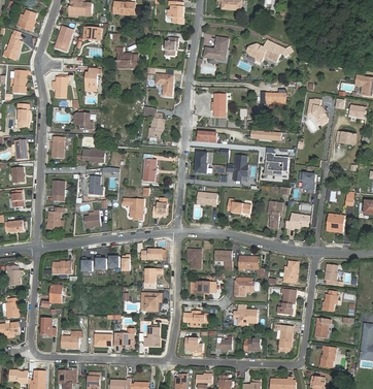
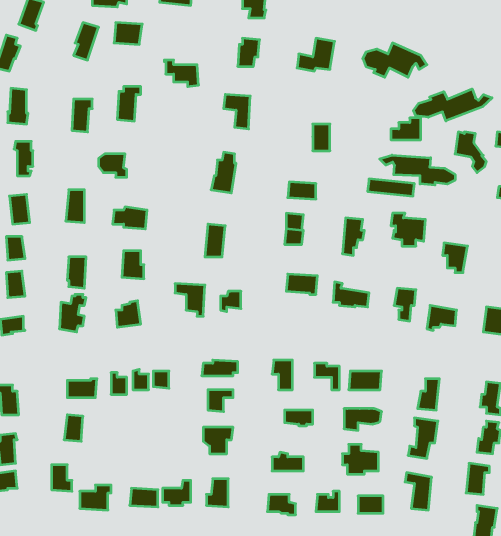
building: none -> [413,89,492,121]
building: none -> [380,155,455,185]

